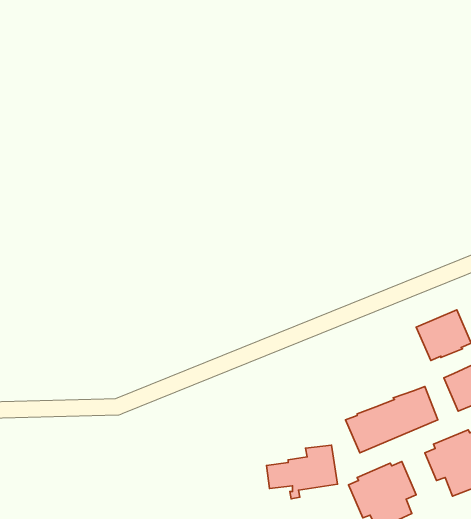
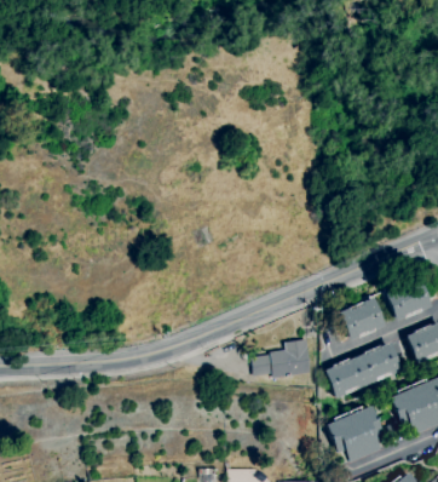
building: none -> [338,297,384,339]
building: [267,445,337,499] -> [252,339,311,384]

